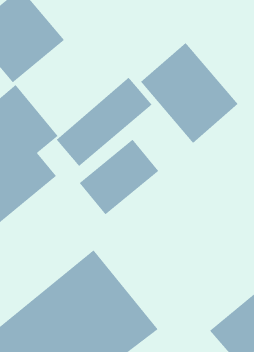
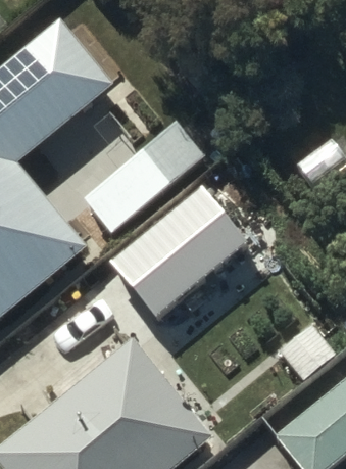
building: [140,42,238,144] -> none

